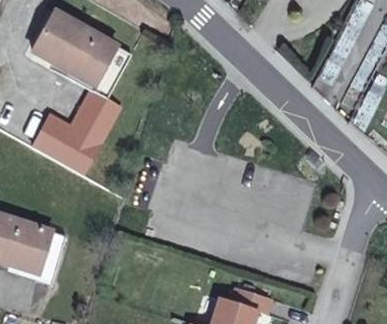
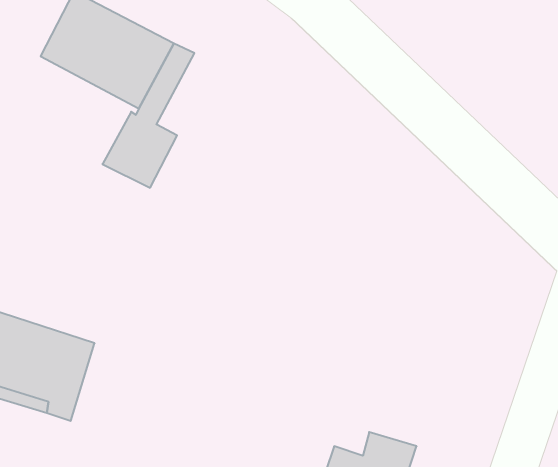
building: [31,108,101,172] -> none

